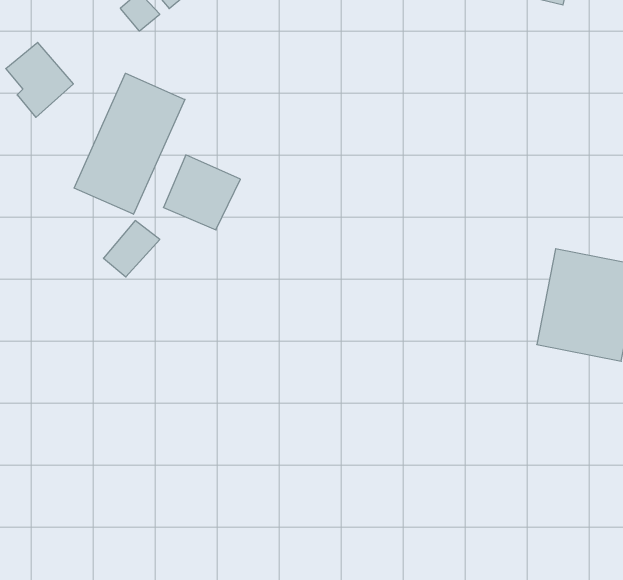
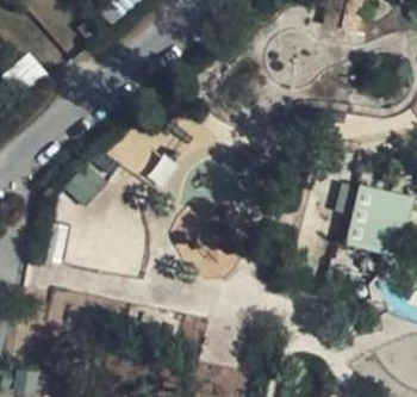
building: [74,73,185,214] -> none

